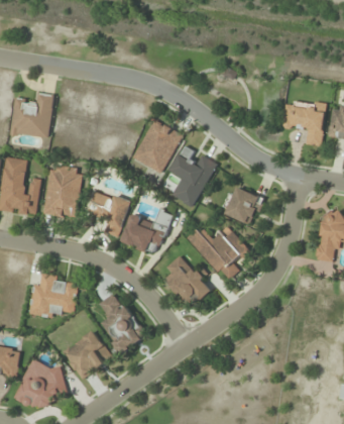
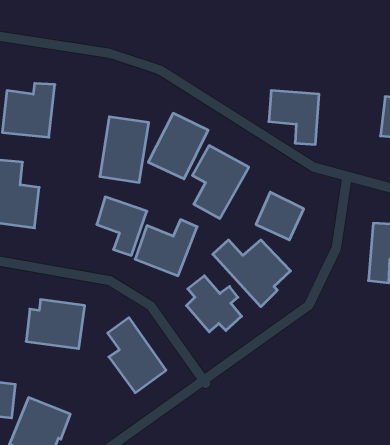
building: [282,101,325,146] -> [269,91,319,144]
building: [42,164,84,219] -> [100,117,149,182]
building: [63,329,113,380] -> none

